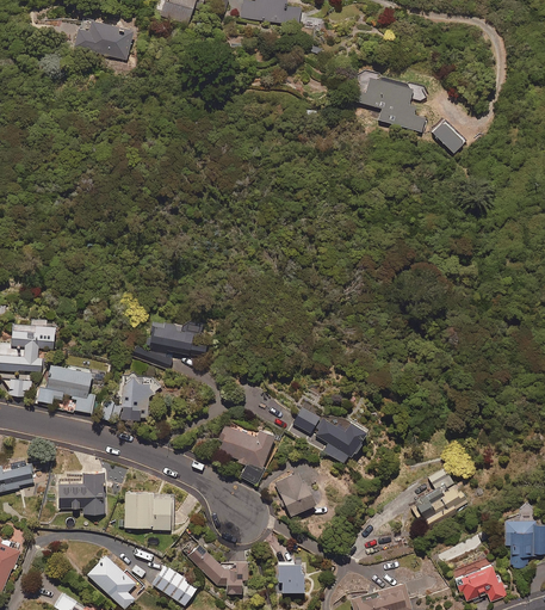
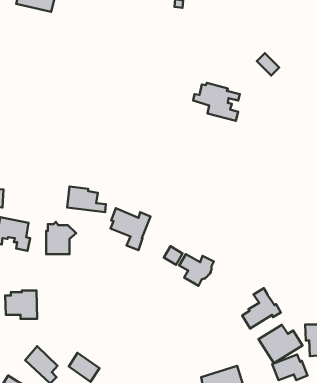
building: [354,75,423,131] -> [193,83,240,121]
building: [216,423,275,485] -> [110,208,151,250]
building: [274,470,317,516] -> none
building: [123,492,173,529] -> none
building: none -> [258,325,303,363]
building: [187,544,242,593] -> none
building: [278,560,304,591] -> none

